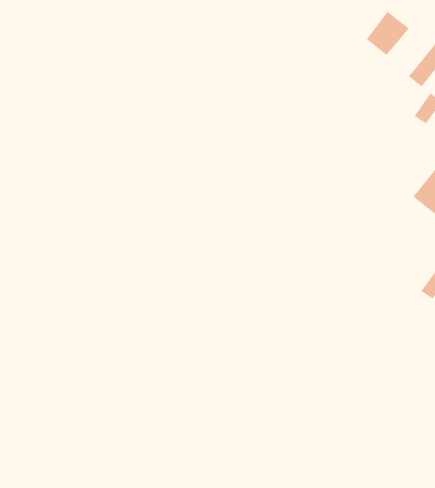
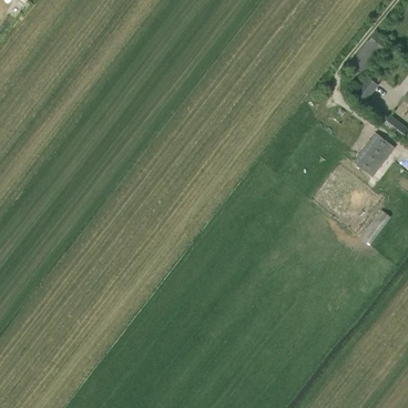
building: [366,11,410,56] -> none

